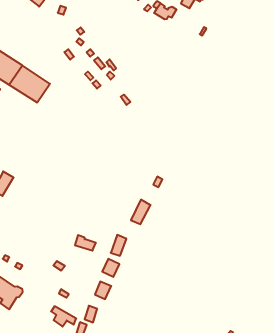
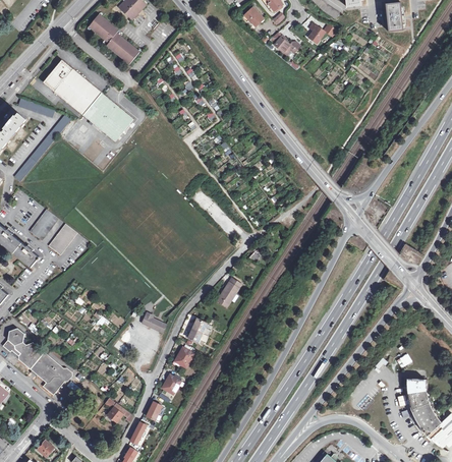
building: none -> [88,13,139,65]

